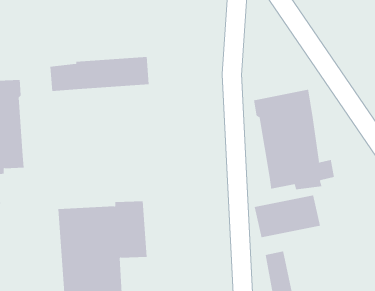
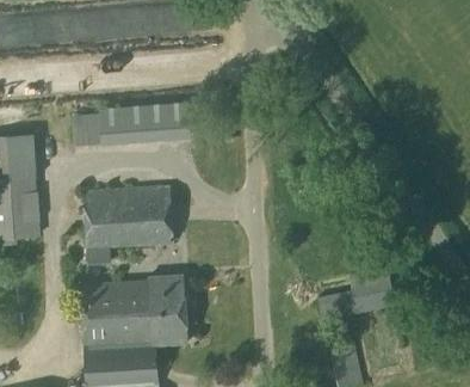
building: [253,89,334,190] -> none
building: none -> [85,188,175,252]

